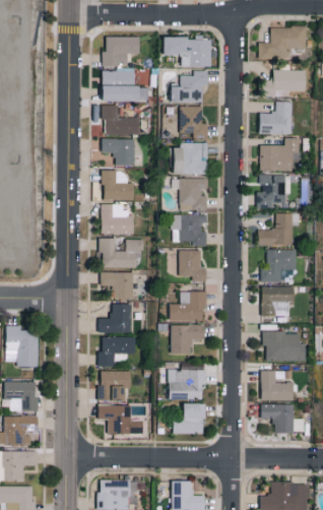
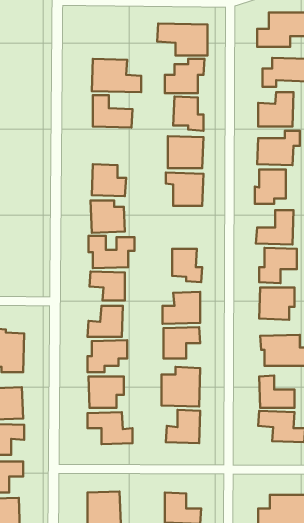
building: [103,36,141,66] -> none
building: [102,138,135,166] -> none
building: [171,214,207,246] -> none

